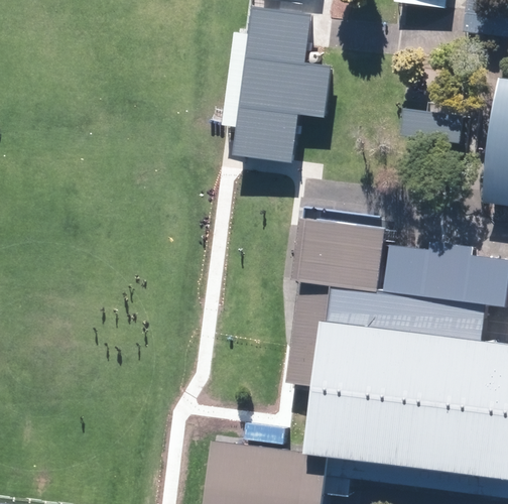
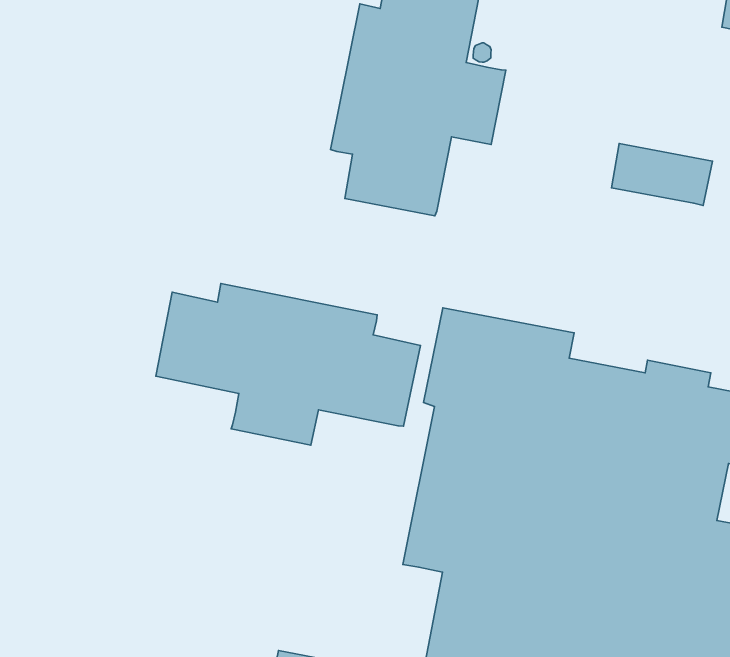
building: none -> [156,284,420,445]

